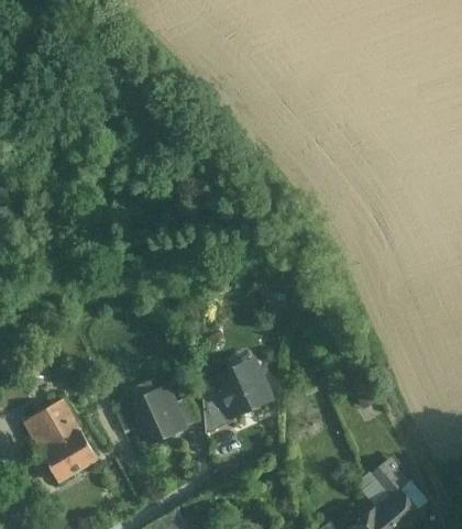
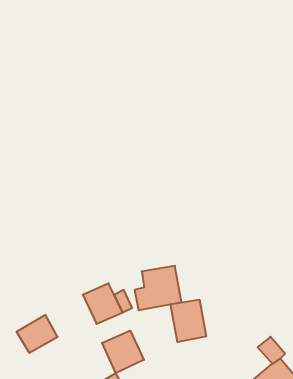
building: [24,399,81,453] -> none
building: none -> [171,300,206,342]
building: none -> [102,331,144,373]

